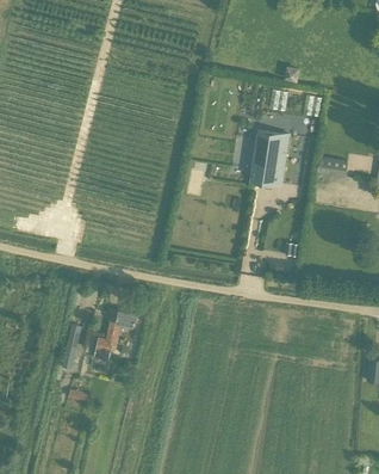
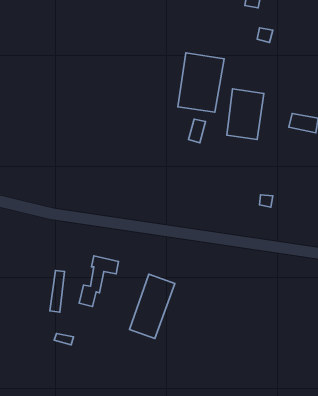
building: none -> [178,53,224,112]
building: none -> [130,274,175,338]

